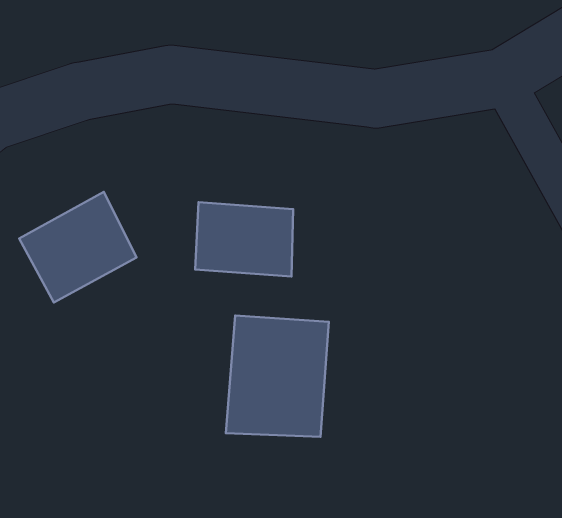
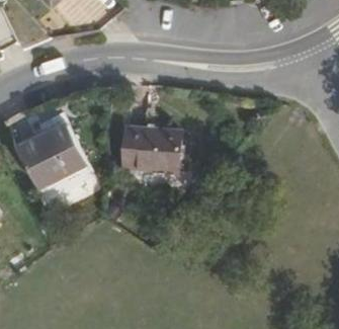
building: [226,315,329,437] -> none

